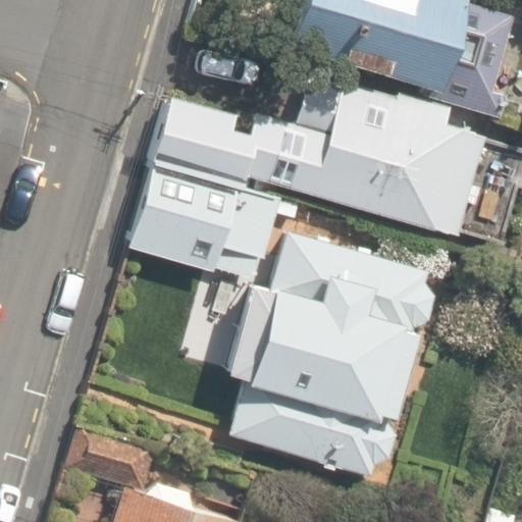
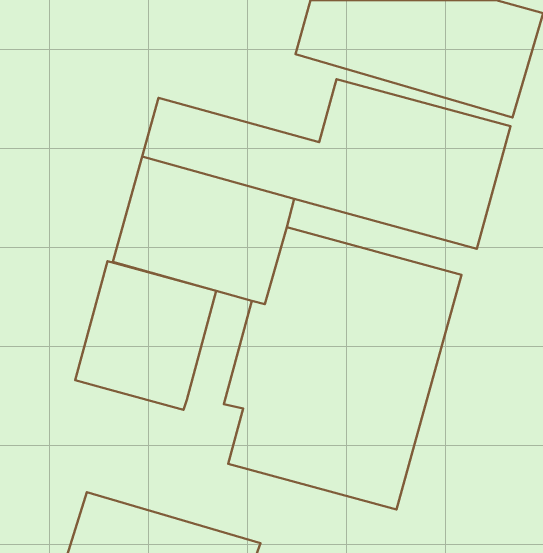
building: none -> [75,261,216,410]

